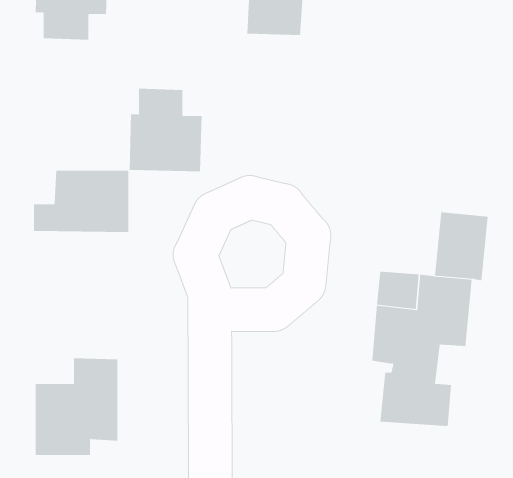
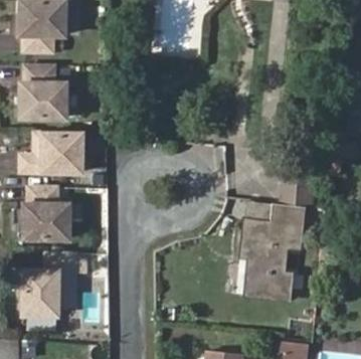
building: [129,88,202,172] -> [25,66,71,119]
building: none -> [27,185,72,237]

